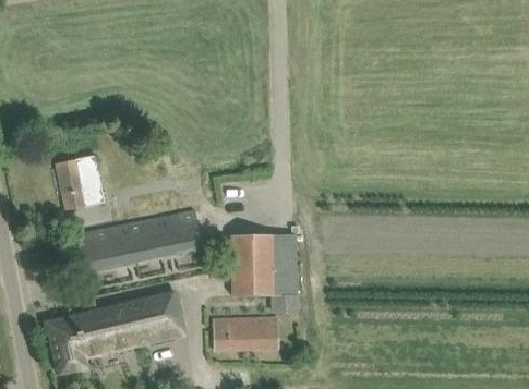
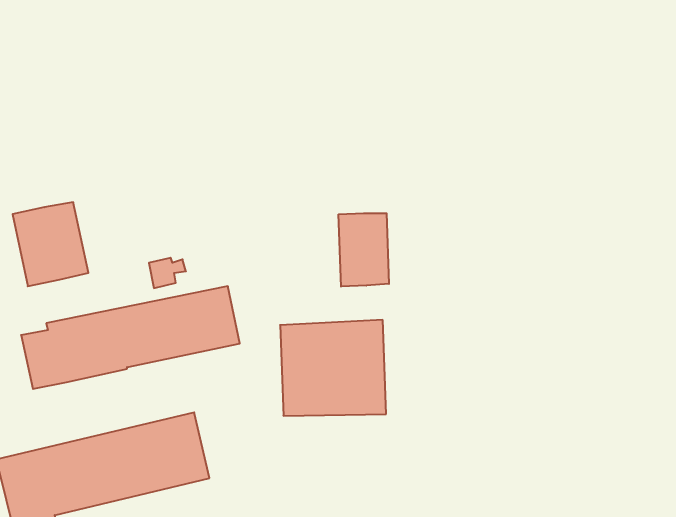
building: none -> [339,213,389,287]
building: [212,315,278,350] -> none

